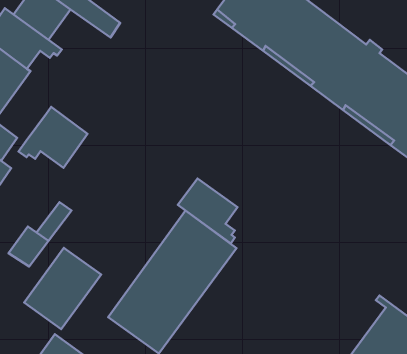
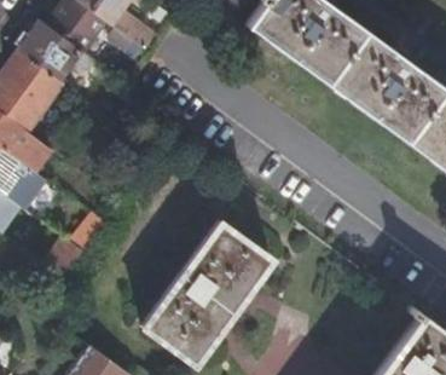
building: [18,107,88,168] -> none
building: [178,179,238,243] -> none
building: [24,248,101,329] -> none

